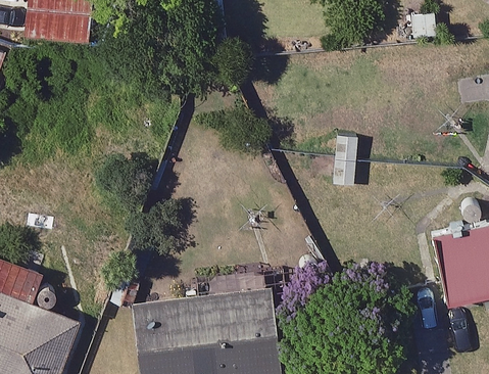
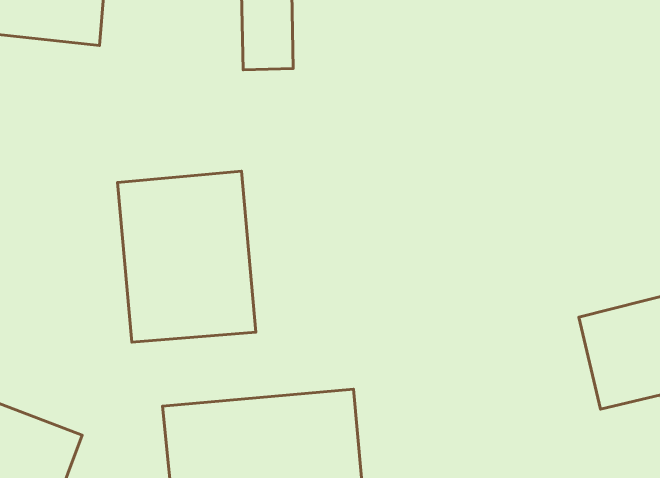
building: none -> [117,171,256,342]

